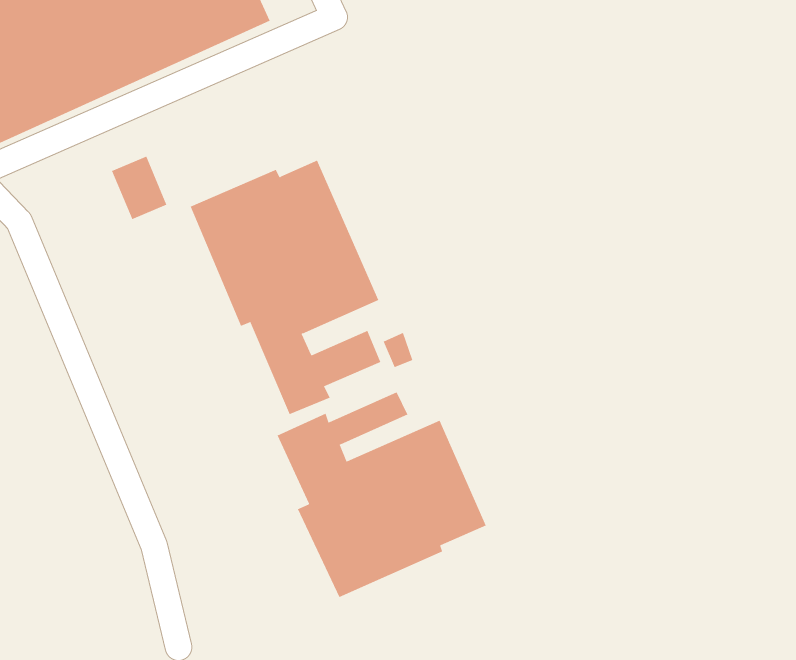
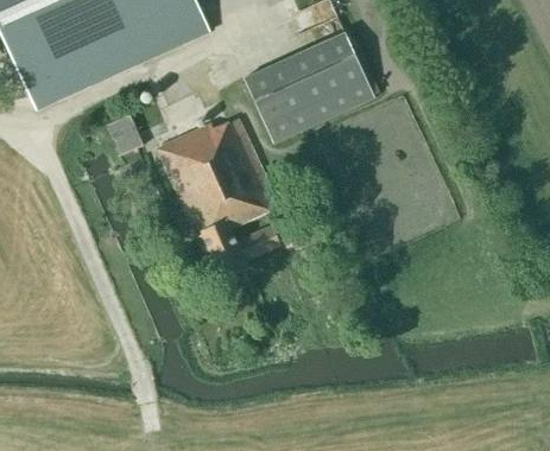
building: none -> [245,30,377,141]
building: [277,392,486,598] -> none

